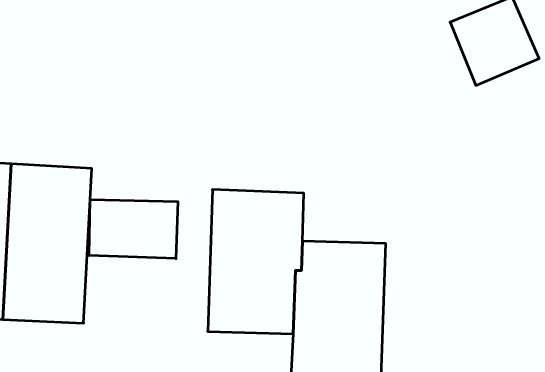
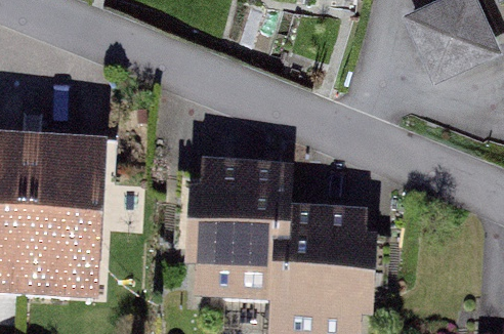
building: [89,200,178,259] -> none

